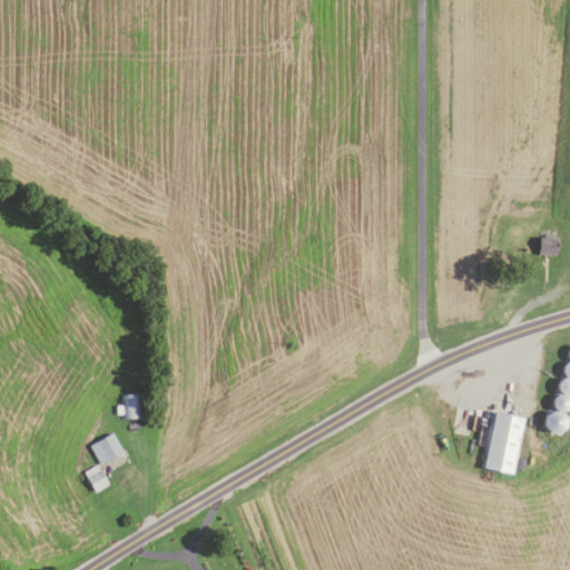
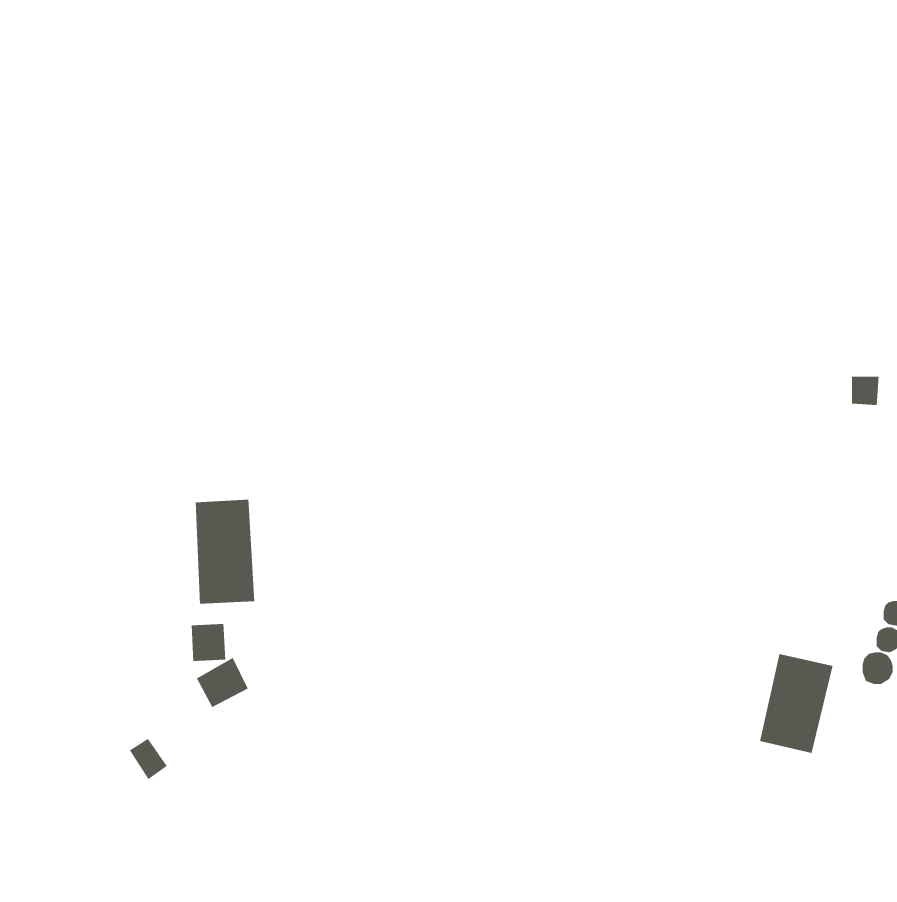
building: none -> [195,499,255,604]
building: [91,432,125,464] -> [196,657,249,708]

